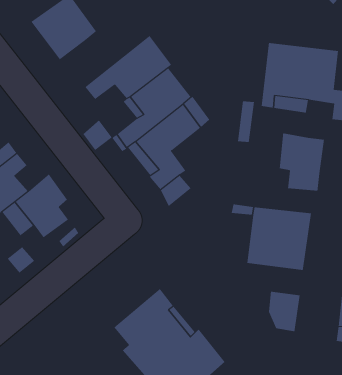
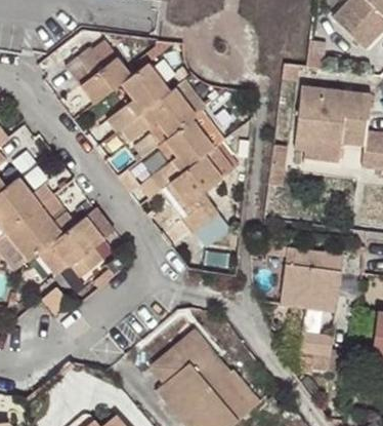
building: none -> [107,62,171,133]
building: [279,132,324,191] -> none

